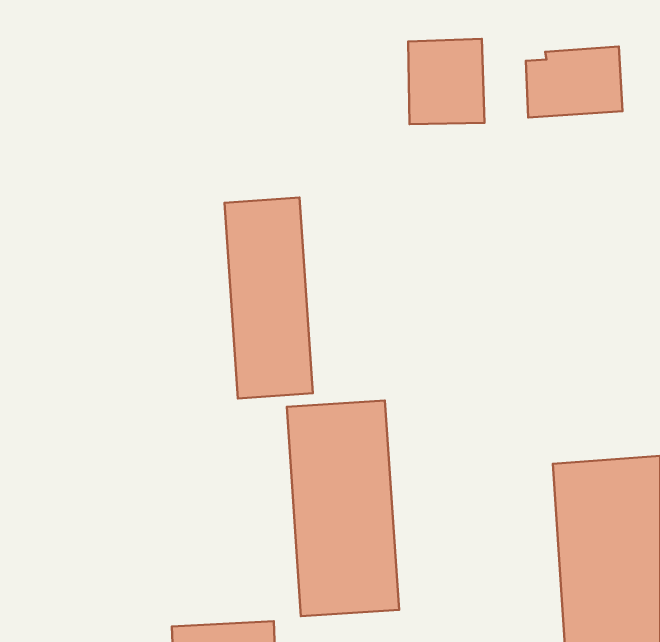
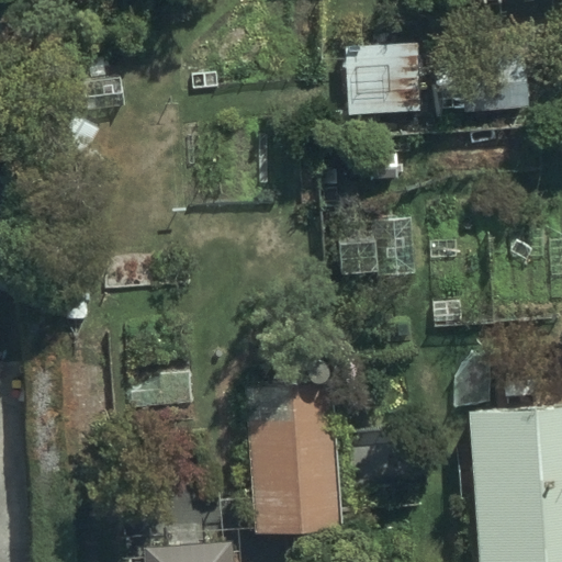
building: [225,198,313,399] -> none

